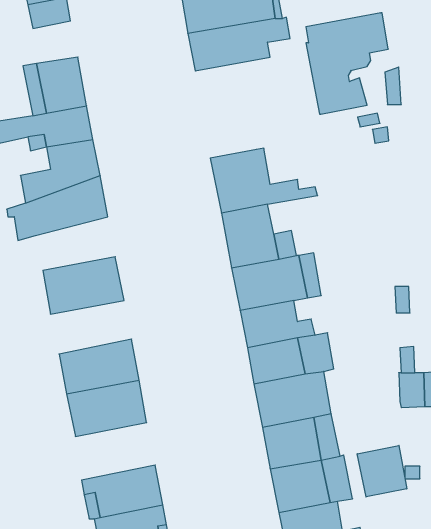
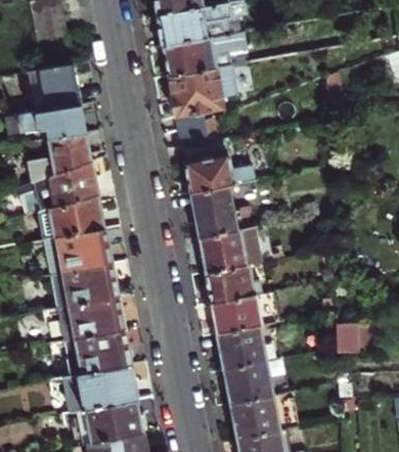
building: [306,13,388,114] -> [169,64,236,147]
building: none -> [38,195,103,239]
building: none -> [50,264,117,308]
building: none -> [63,364,136,412]
building: [357,445,407,497] -> none

